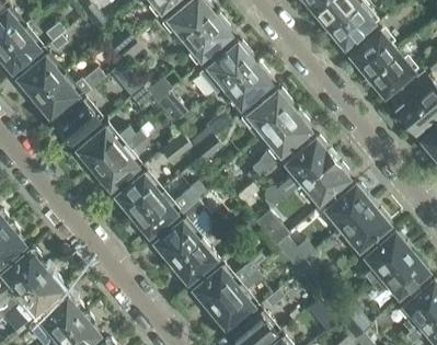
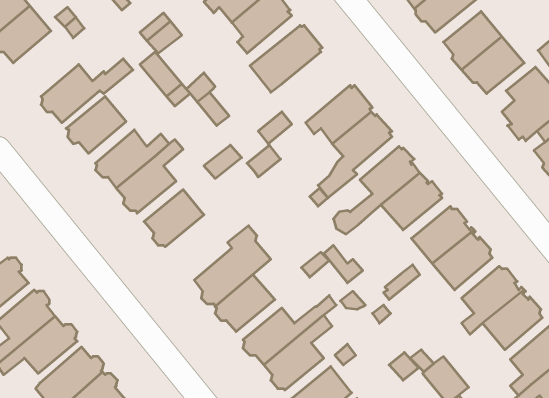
building: [18,53,64,97] -> none
building: [223,61,272,112] -> none
building: [131,191,197,235] -> none

